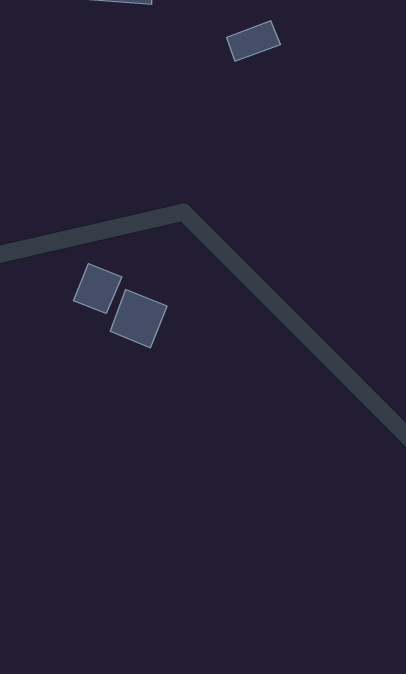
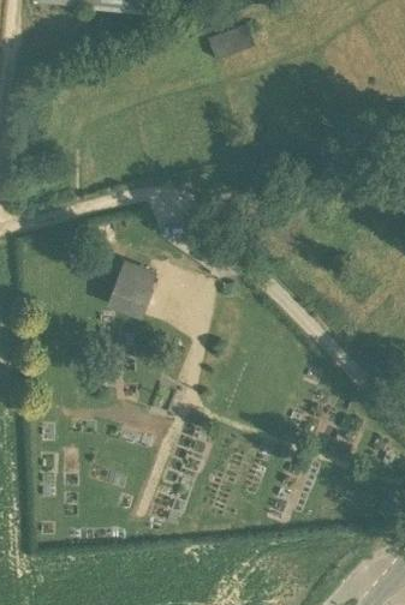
building: [74,264,122,313] -> none

